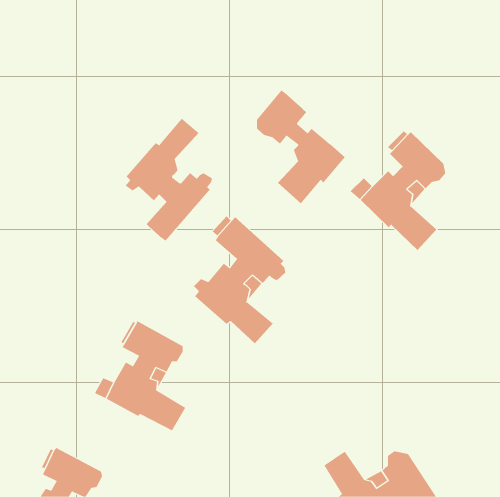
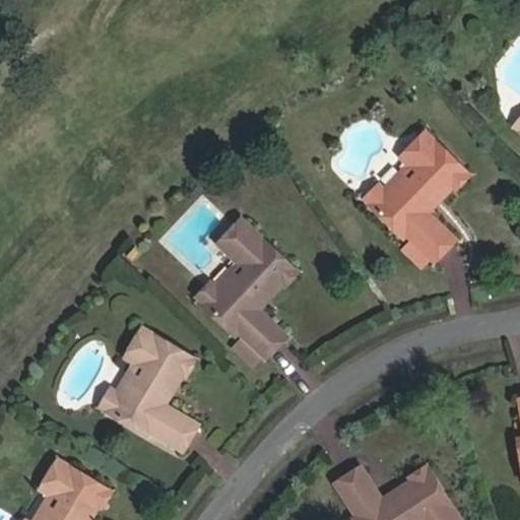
building: [256,89,345,204] -> none
building: [125,118,212,242] -> none

